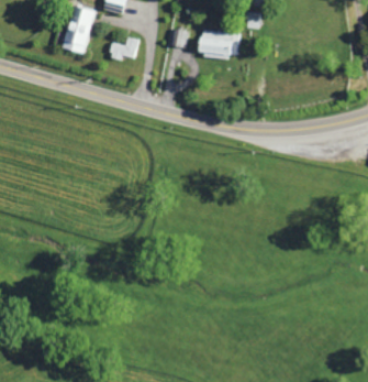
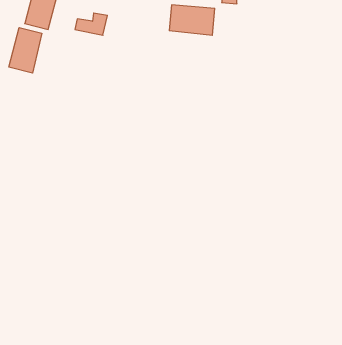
building: none -> [9,28,42,73]

